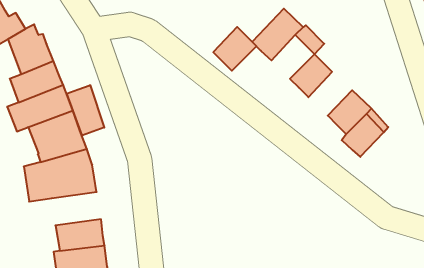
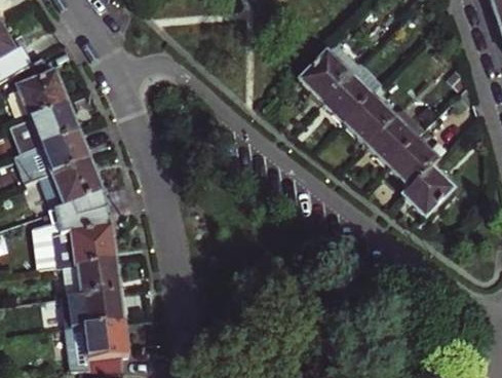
building: [213,27,256,71] -> [321,70,372,121]
building: none -> [364,101,427,164]
building: [67,85,104,136] -> none
building: none -> [65,254,122,293]

